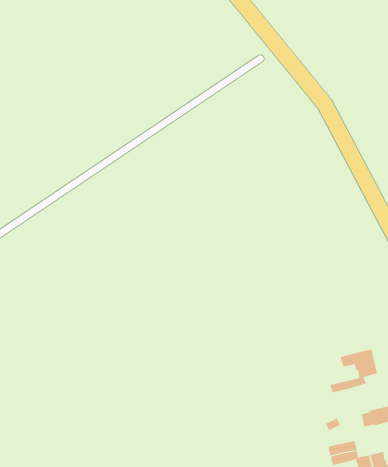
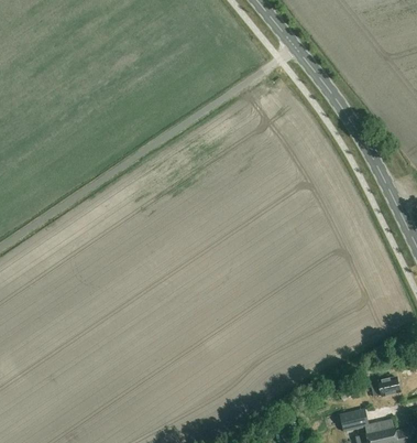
building: [330,348,378,393] -> none

